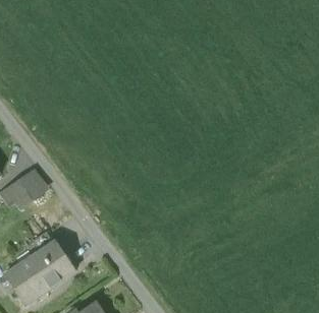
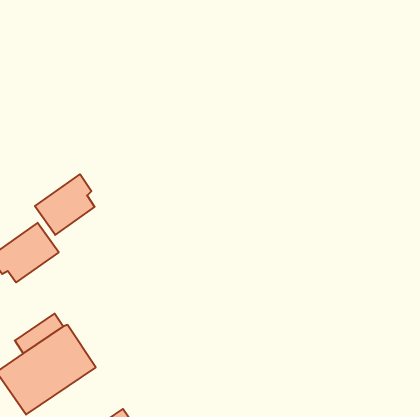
building: none -> [35,174,95,235]

